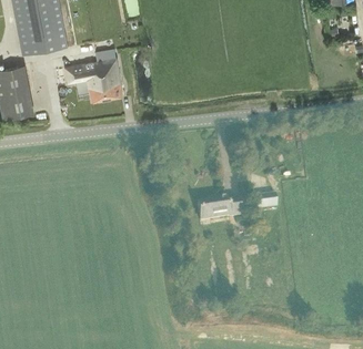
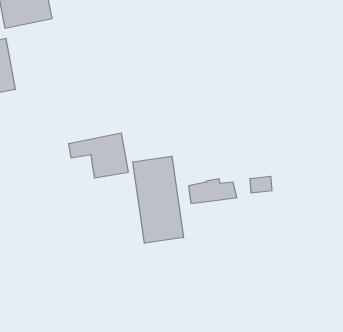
building: [65,60,122,102] -> [68,133,128,178]
building: none -> [133,156,183,243]

